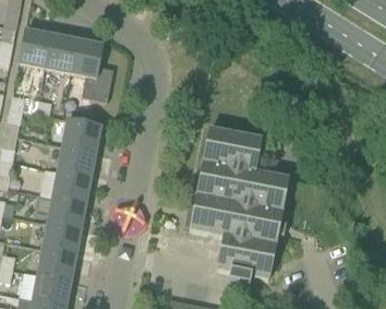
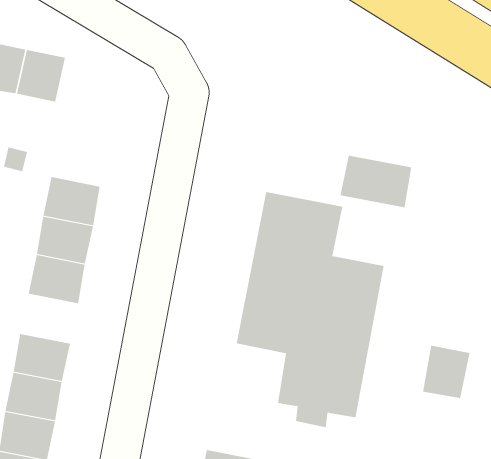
building: [71,39,113,100] -> none
building: none -> [340,155,412,208]
building: [47,195,86,228] -> none
building: none -> [422,345,470,399]

